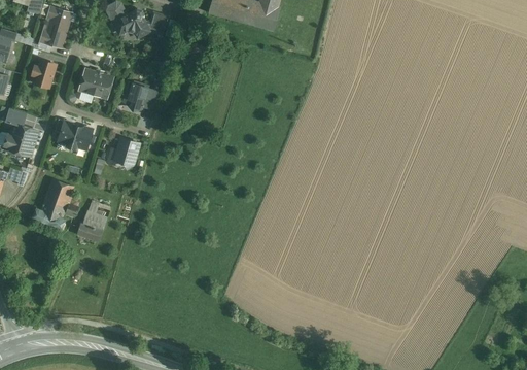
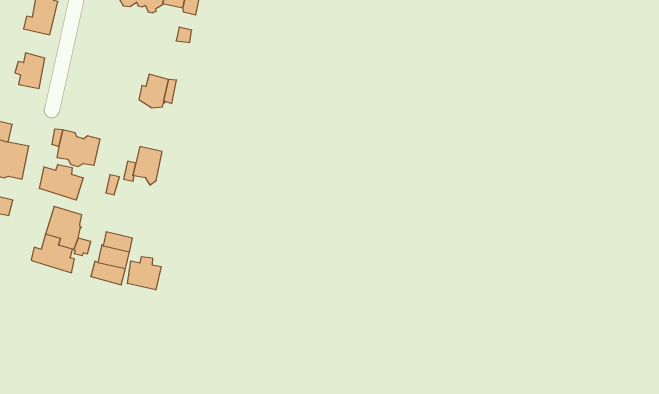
building: [78,69,112,98] -> none
building: none -> [39,164,83,200]
building: none -> [127,257,161,290]

